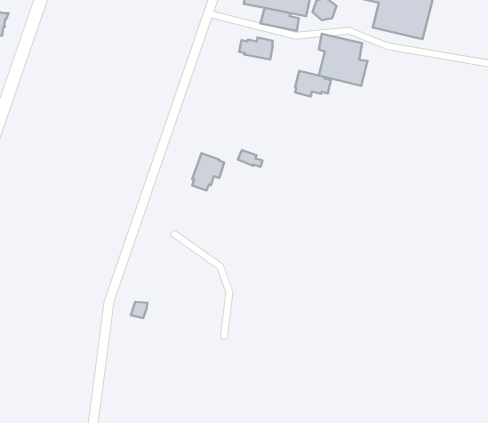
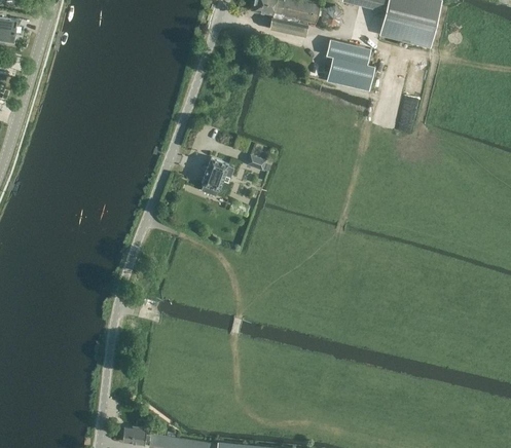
building: [239,37,273,60] -> none
building: [295,71,331,96] -> none

